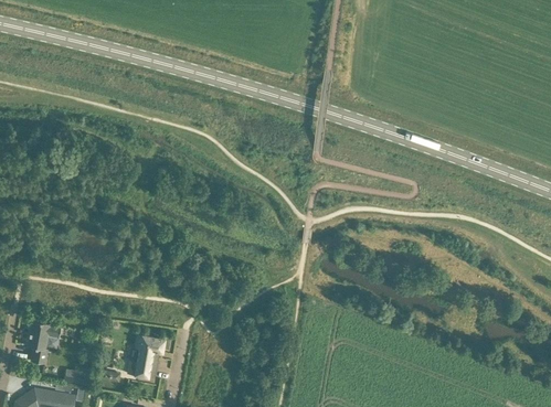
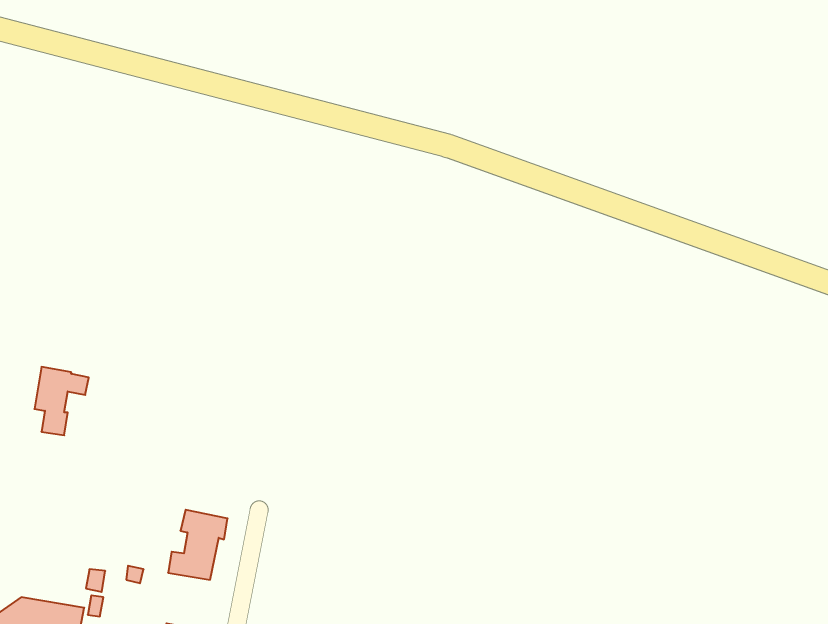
building: [27,319,61,362] -> [34,367,89,435]

